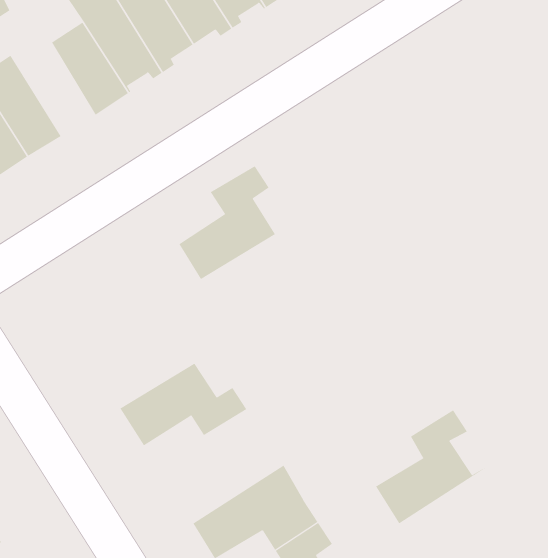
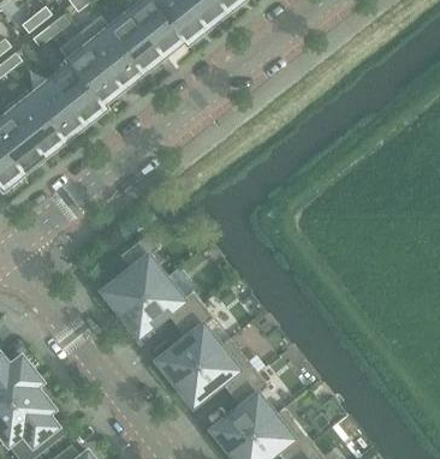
building: none -> [23,79,82,139]
building: [178,166,276,280] -> [101,234,163,312]
building: [375,410,490,524] -> [155,304,228,382]

